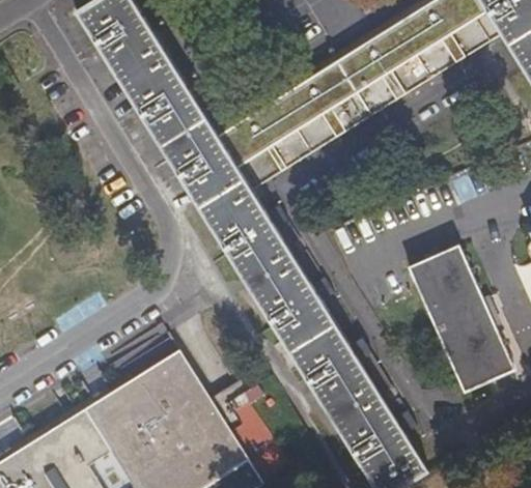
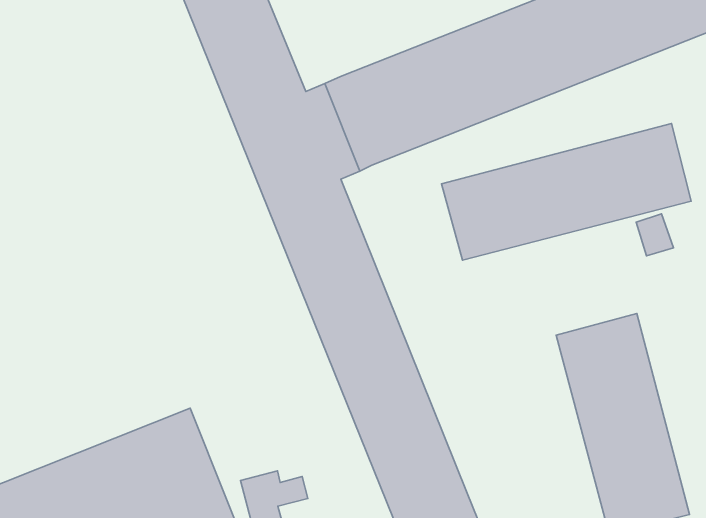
building: none -> [441,123,691,260]

